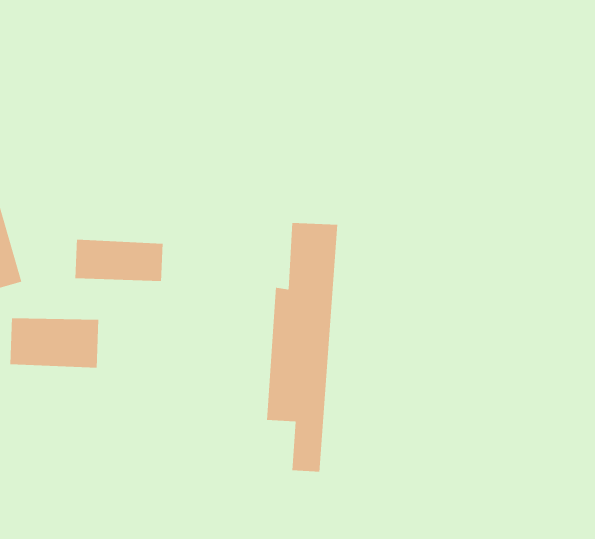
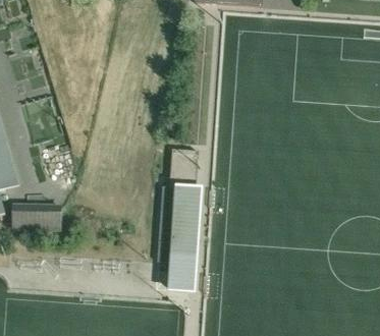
building: [75,239,163,282] -> none

